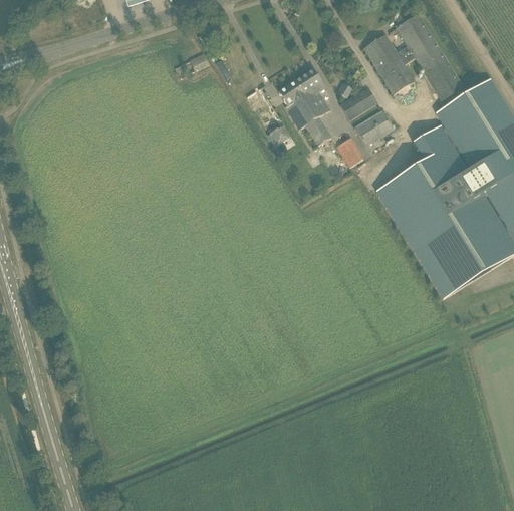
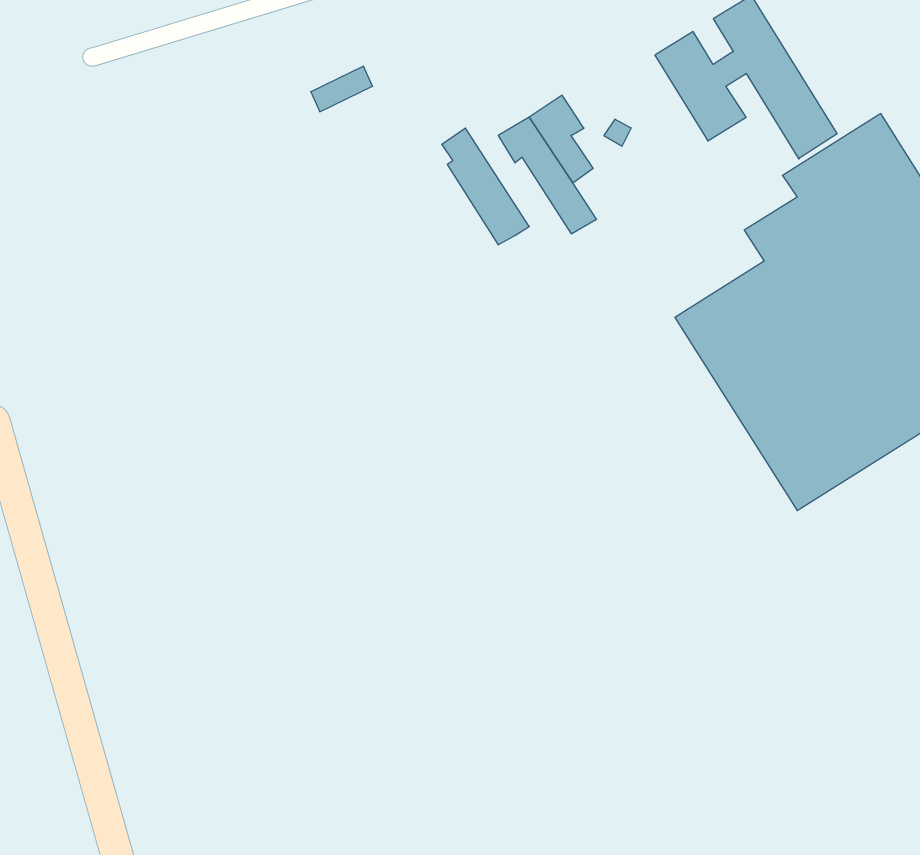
building: [339,86,377,120] -> none
building: [353,109,395,146] -> none
building: [335,137,363,167] -> none

